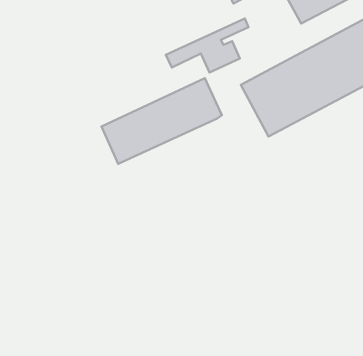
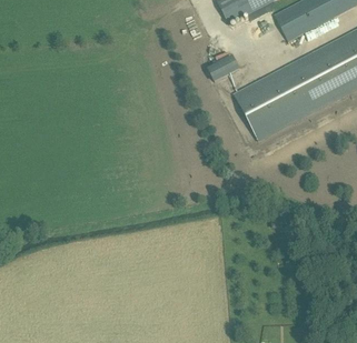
building: [101,78,222,164] -> none

